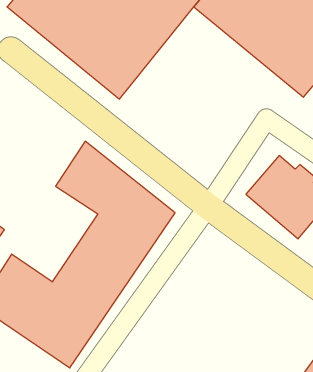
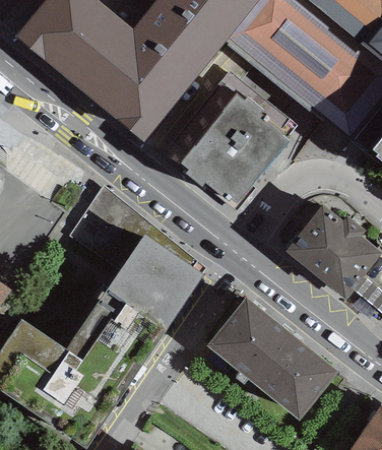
building: none -> [181,86,289,197]
building: none -> [207,302,337,422]

